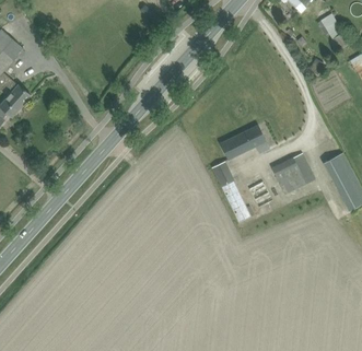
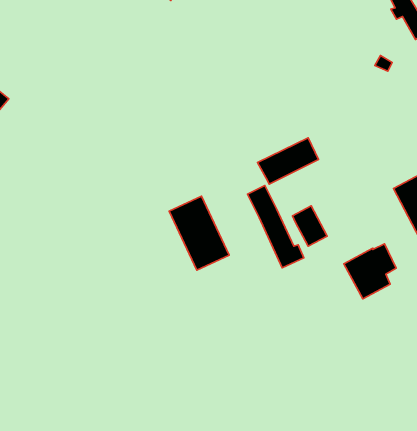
building: [271,153,311,195] -> [344,244,396,299]
building: none -> [169,196,229,270]

